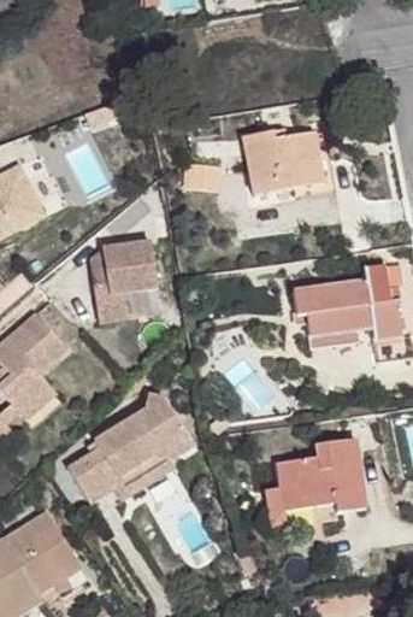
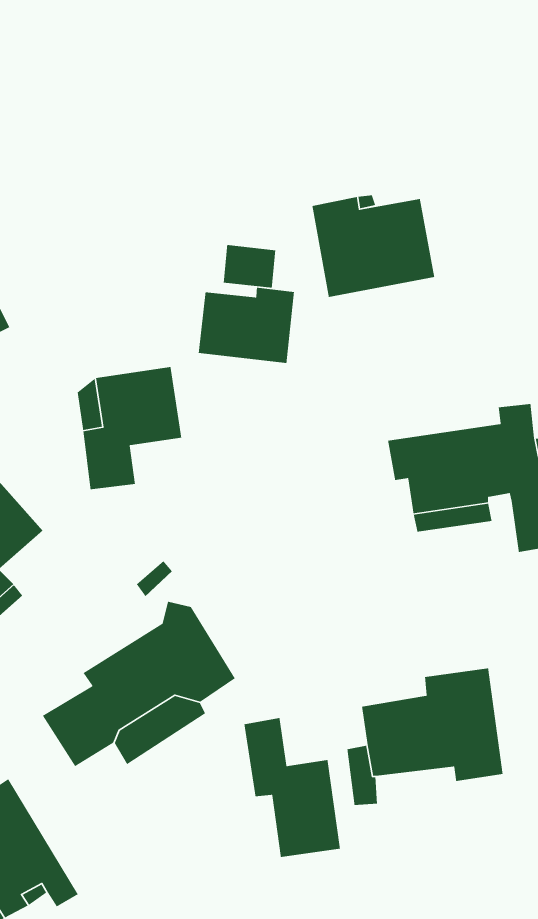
building: none -> [198,287,295,364]
building: none -> [243,717,341,858]

